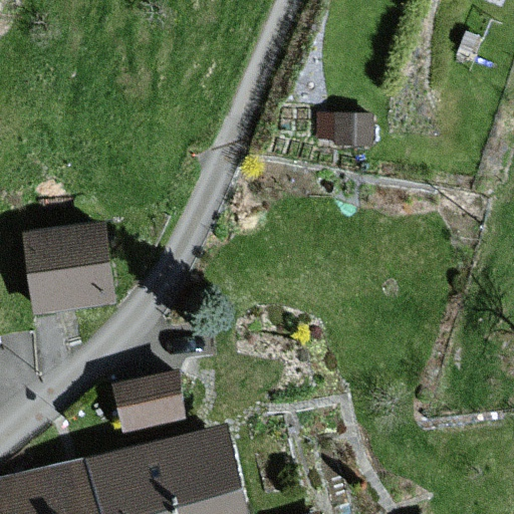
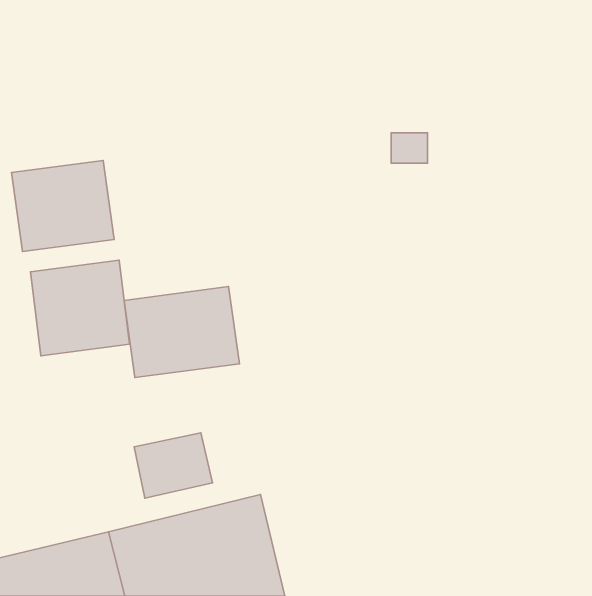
building: none -> [11,161,114,251]
building: none -> [124,287,239,378]

